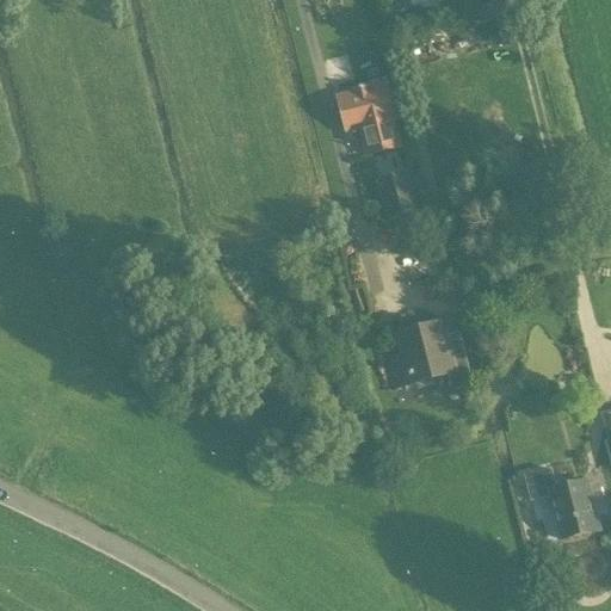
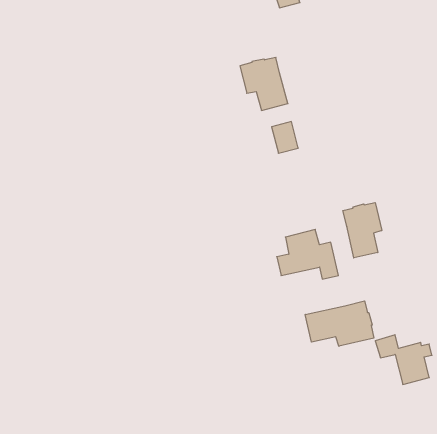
building: none -> [343,203,382,258]
building: none -> [305,301,374,346]

